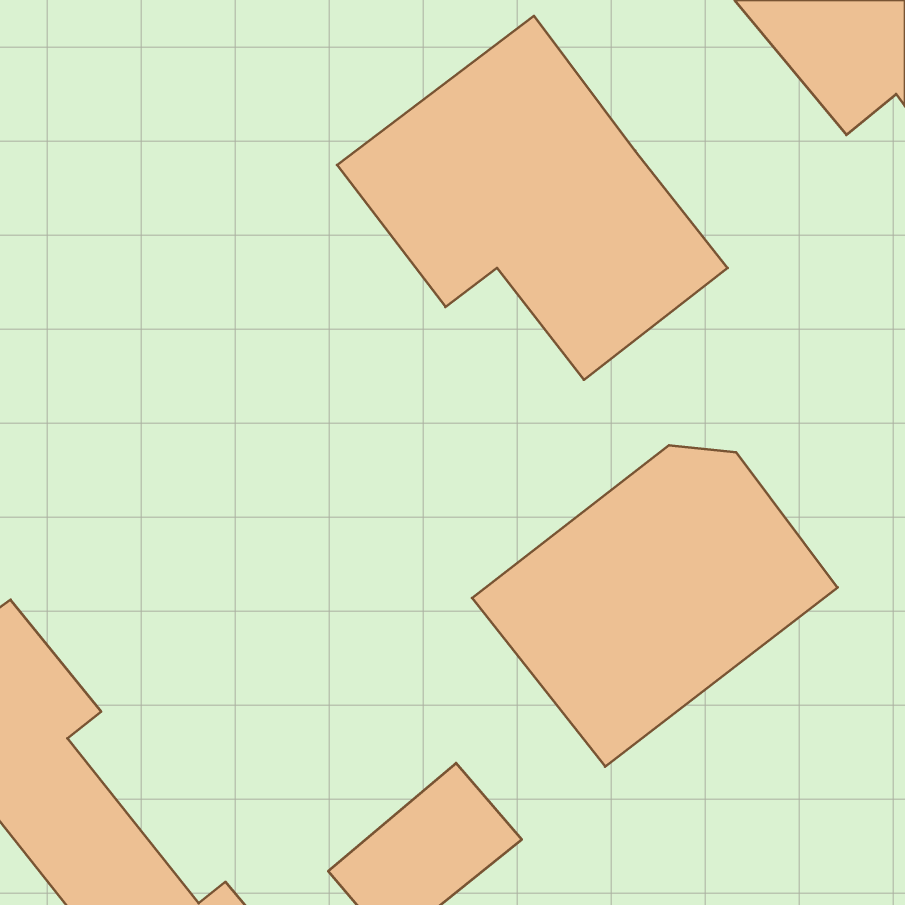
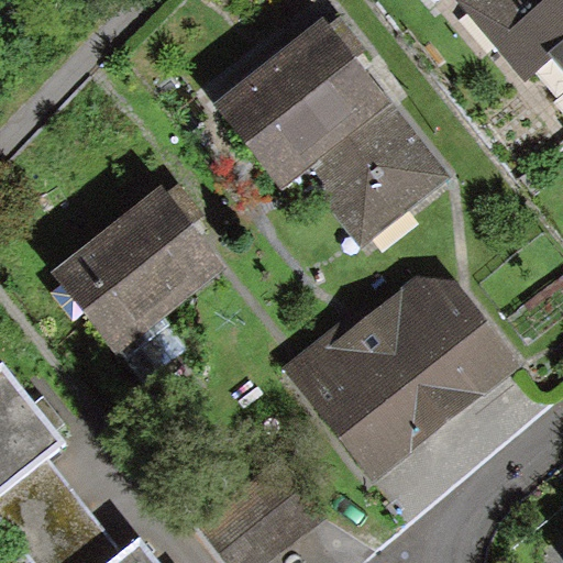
building: none -> [49,187,228,357]

